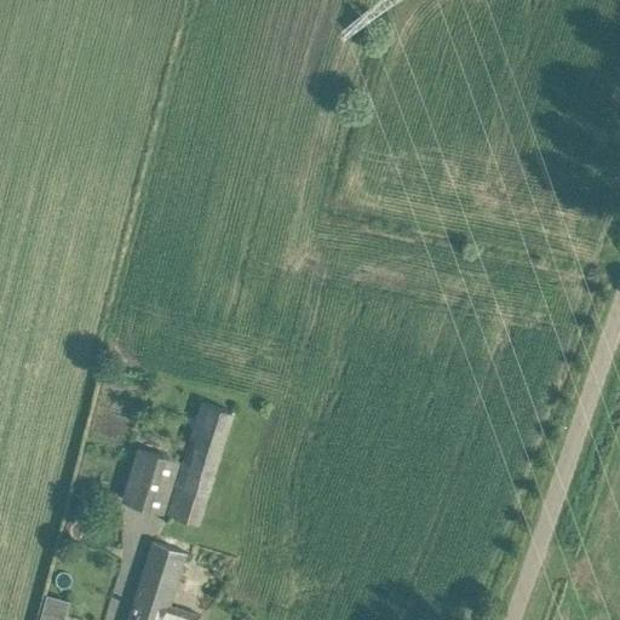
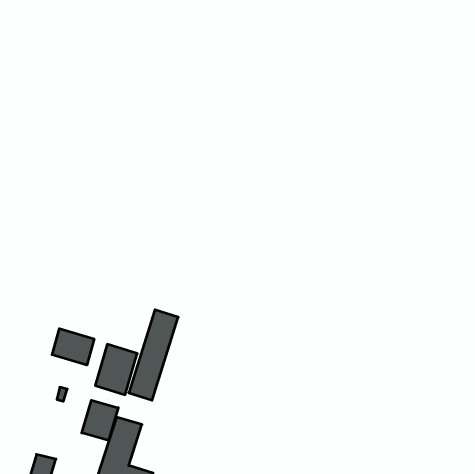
building: none -> [52,329,94,365]
building: none -> [82,400,118,440]

